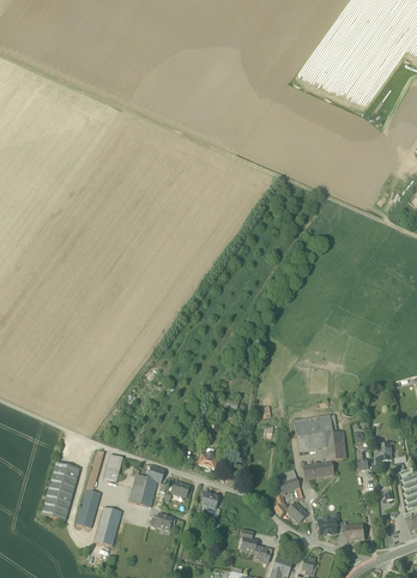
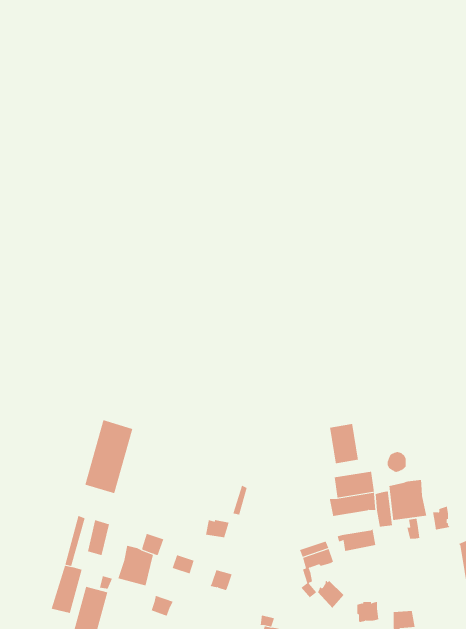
building: none -> [329,423,358,464]
building: none -> [389,479,427,521]
building: [41,462,79,520] -> [85,420,133,494]

